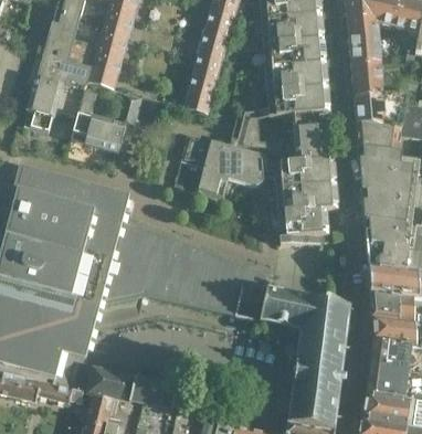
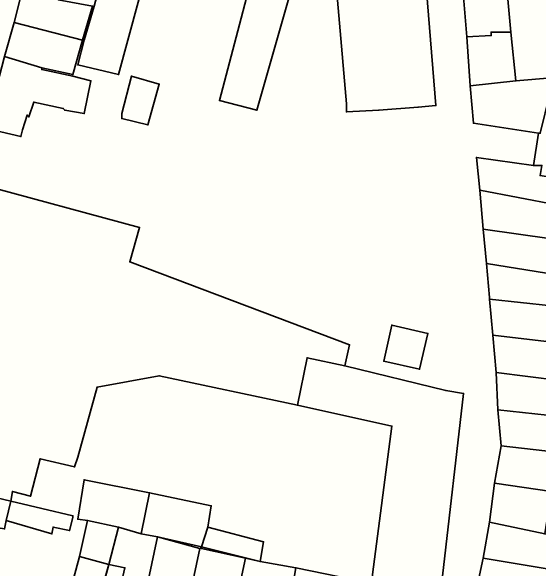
building: [181,109,339,244] -> none
building: [71,114,126,150] -> none
building: [356,123,400,151] -> none

